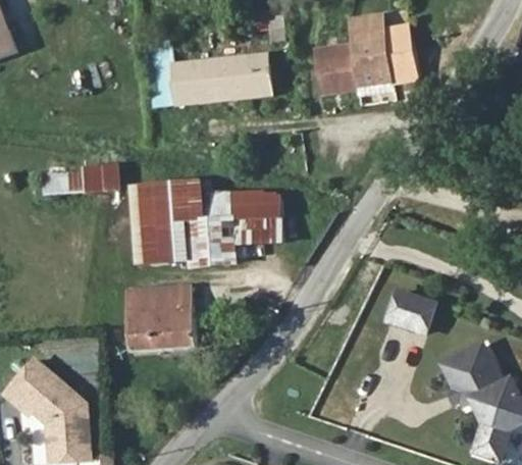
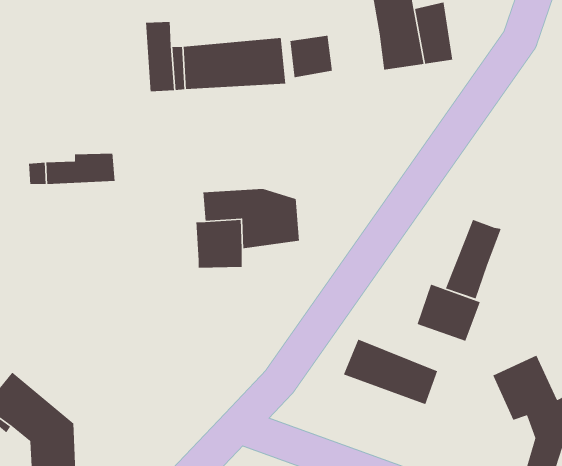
building: [318,54,357,93] -> [289,35,333,78]
building: [145,180,198,258] -> none
building: none -> [445,219,502,300]
building: [124,287,195,350] -> none
building: none -> [343,338,438,405]

